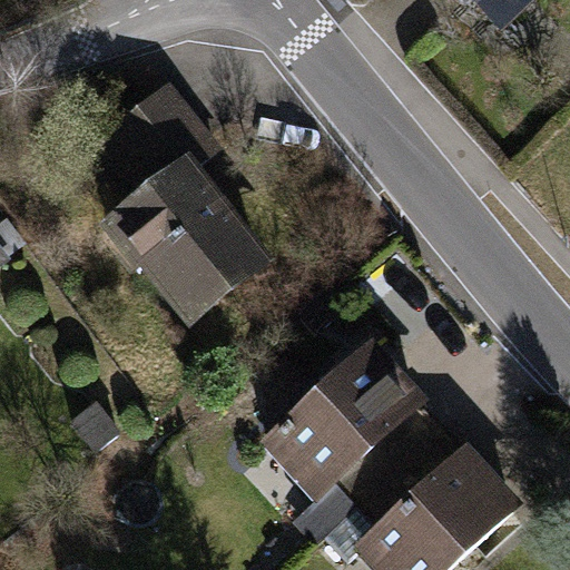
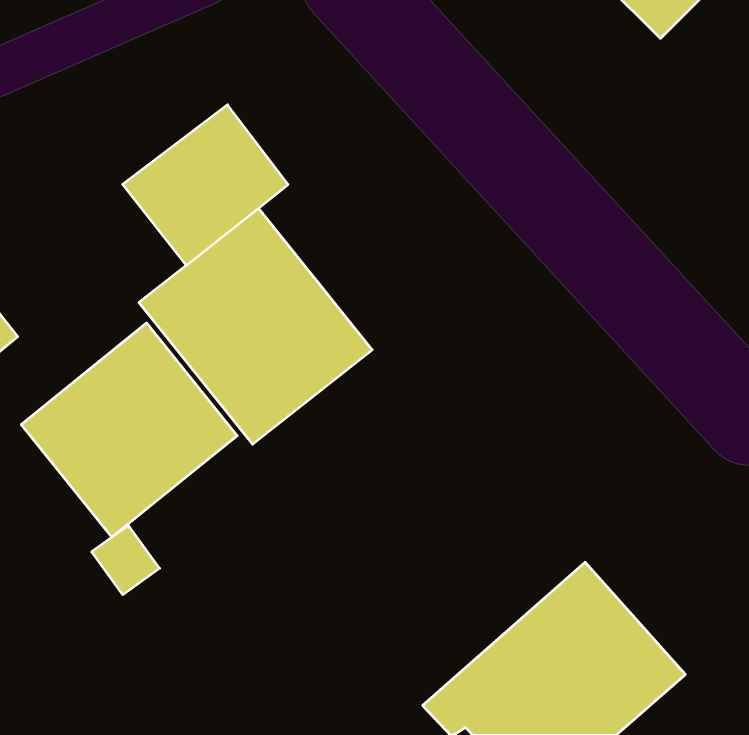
building: none -> [21,323,237,537]
building: [255,343,441,538] -> none

